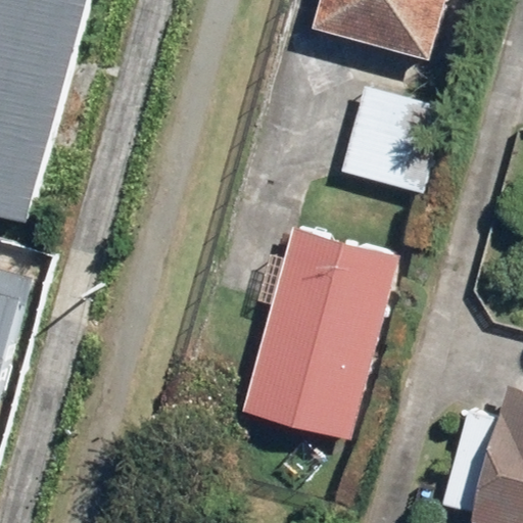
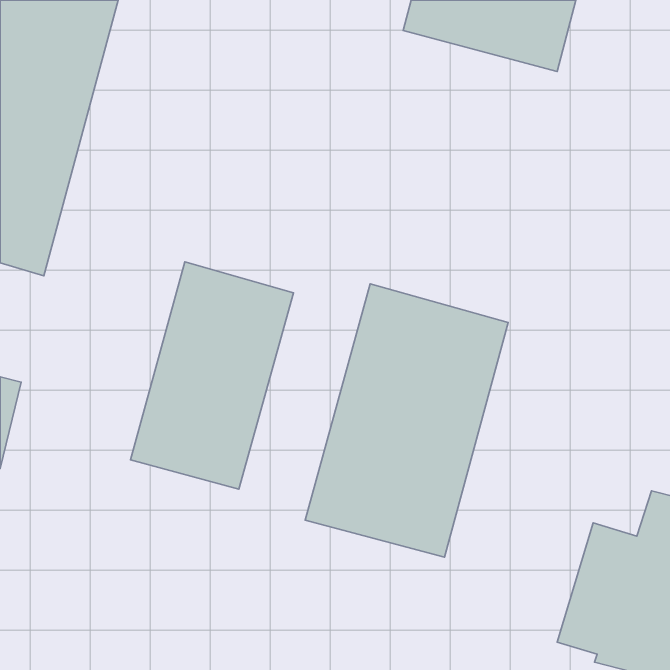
building: [338,87,442,195] -> none
building: none -> [130,262,294,489]

